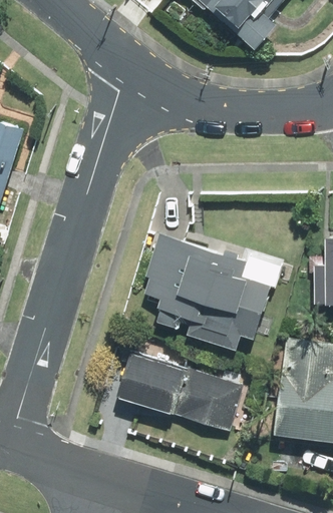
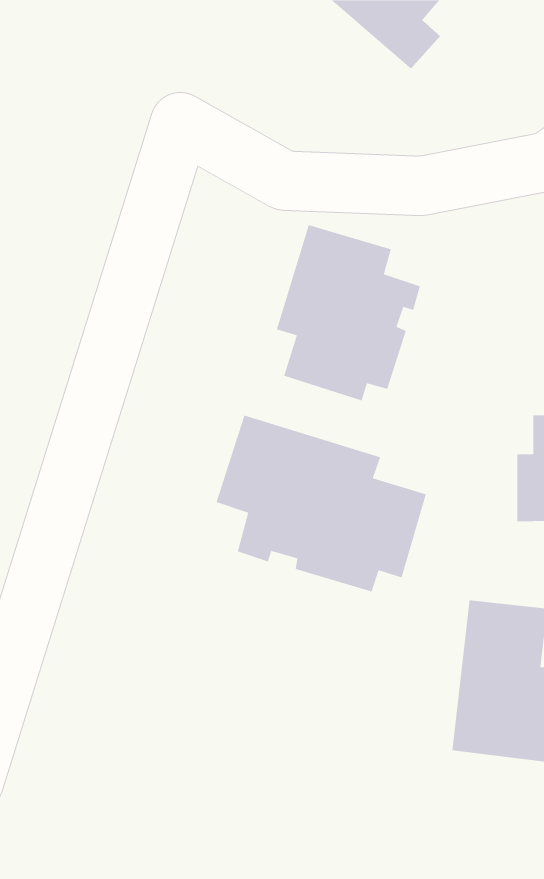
building: none -> [276,224,421,402]
building: [122,357,239,426] -> none

